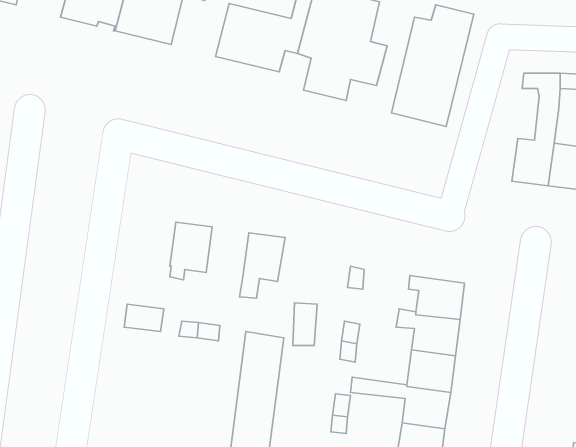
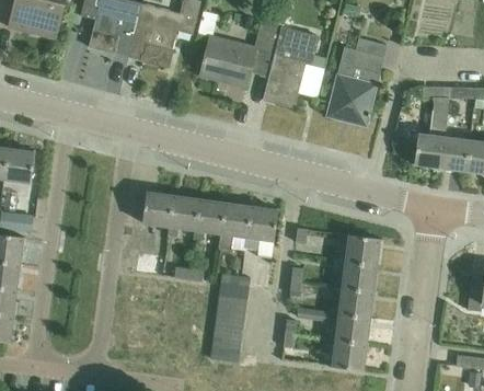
building: none -> [141,192,172,227]
building: none -> [194,198,224,240]
building: none -> [244,206,277,250]

